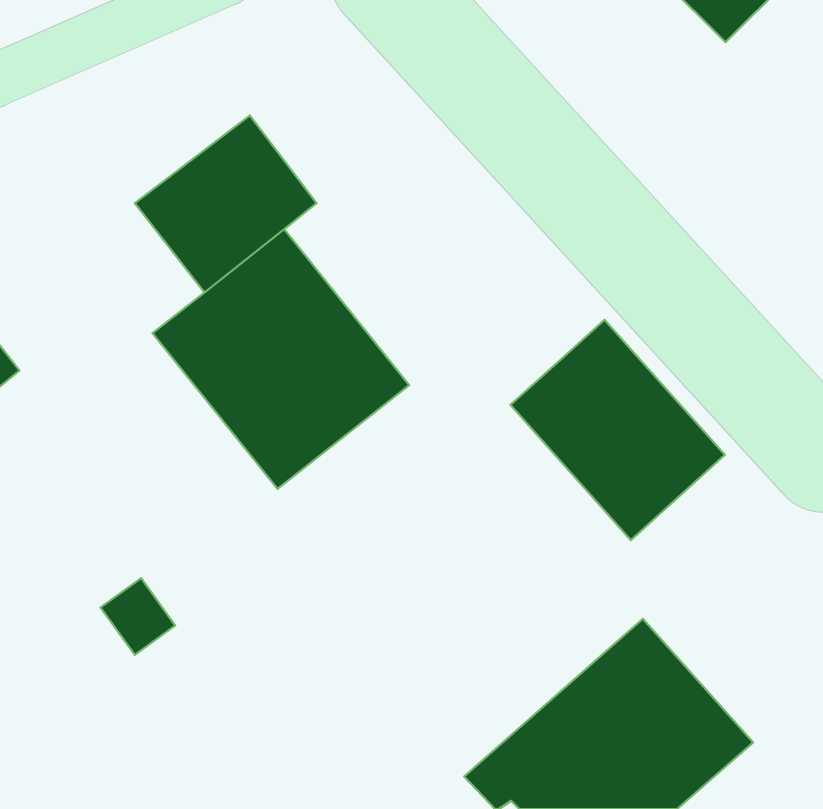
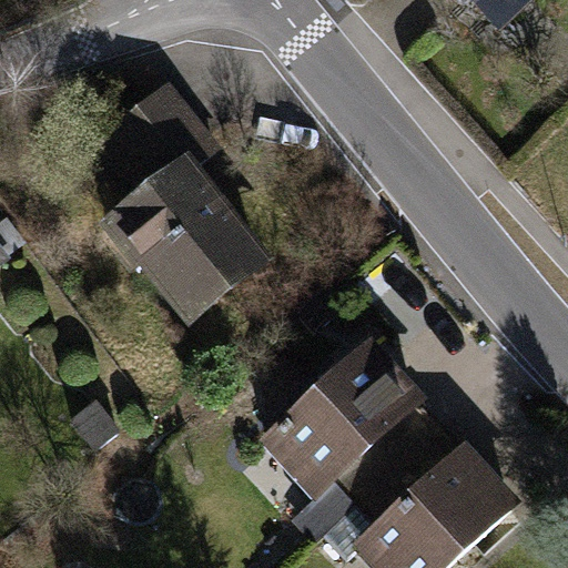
building: [510,320,725,540] -> none
building: none -> [254,342,439,536]

